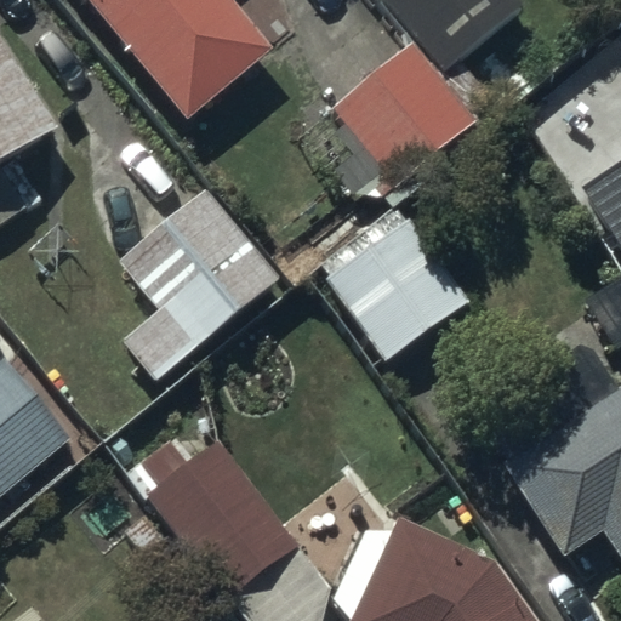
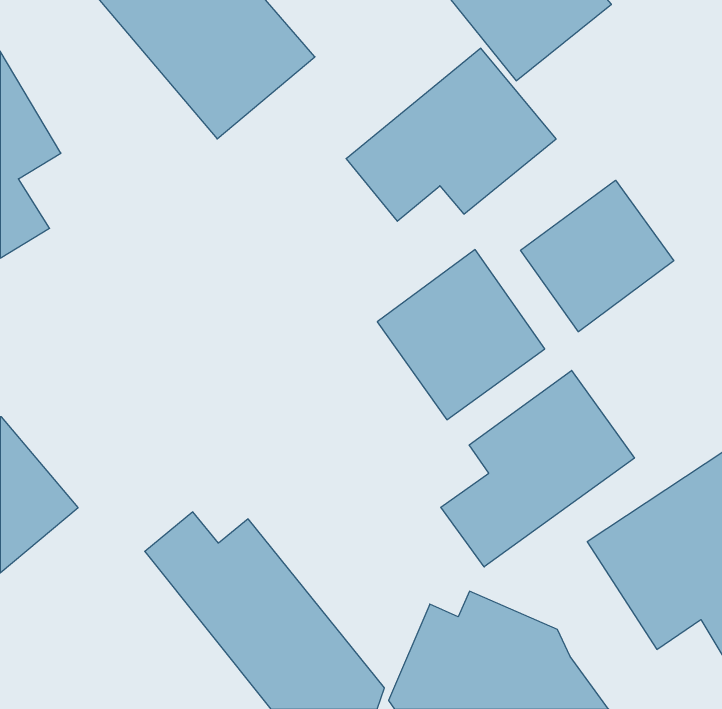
building: none -> [521,180,674,332]
building: [119,187,281,382] -> none
building: none -> [441,370,634,567]

